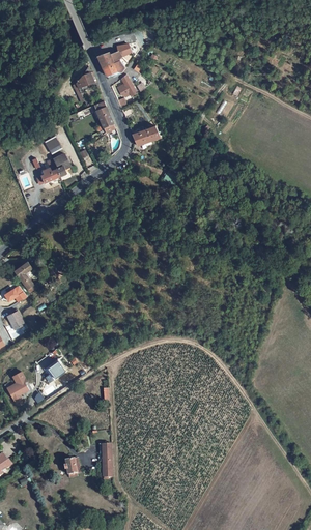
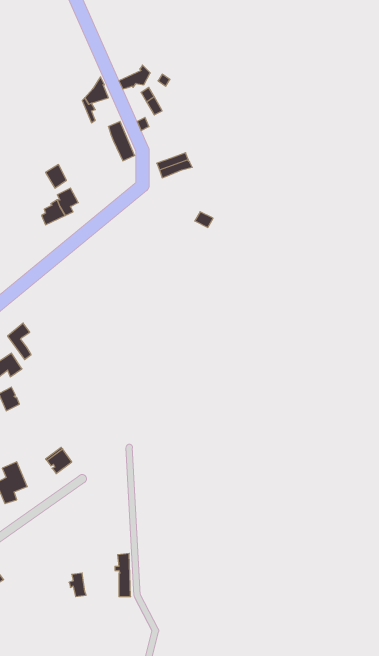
building: [97,45,131,69] -> none

